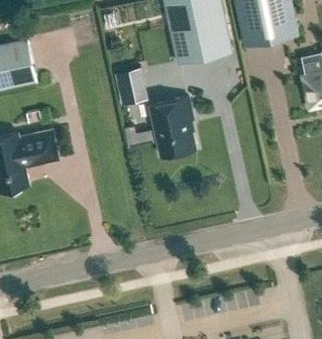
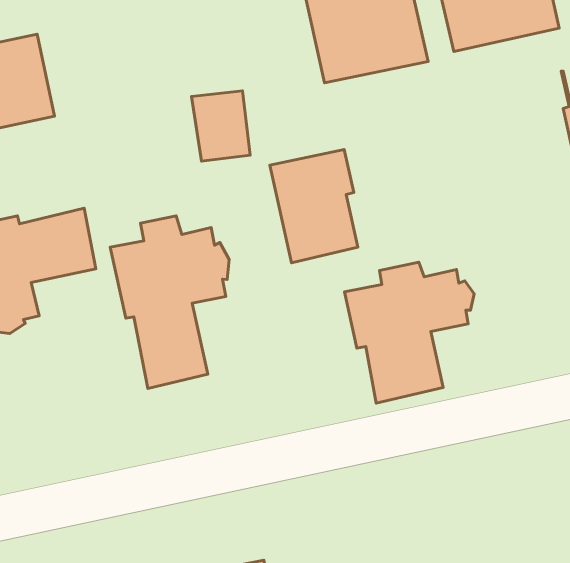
building: none -> [110,216,229,389]
building: none -> [345,262,474,403]

